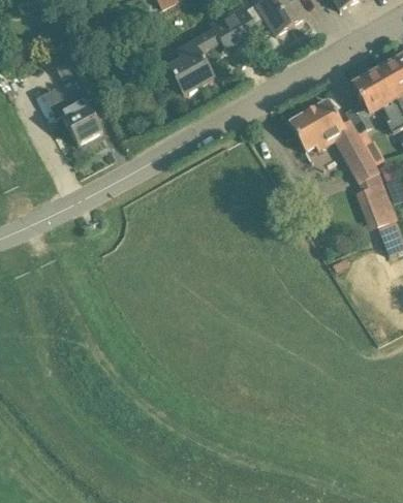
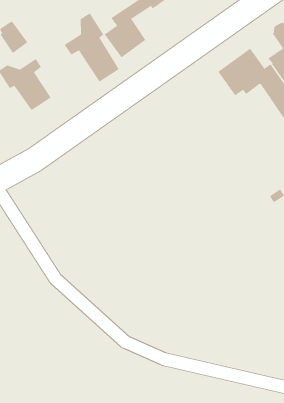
building: none -> [64,12,119,82]

